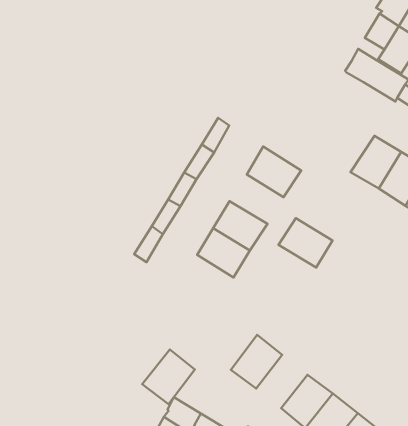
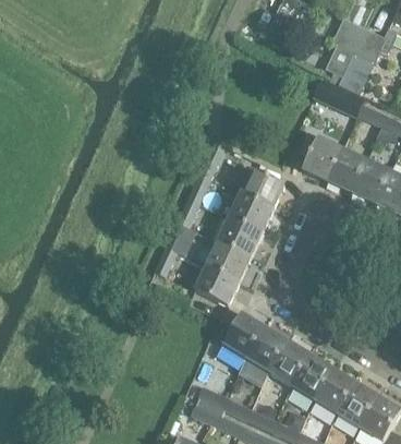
building: none -> [303,135,343,180]
building: [278,218,332,267] -> [229,192,274,231]
building: none -> [195,264,240,304]
building: [142,350,195,404] -> [222,311,265,357]
building: none -> [269,339,311,384]

